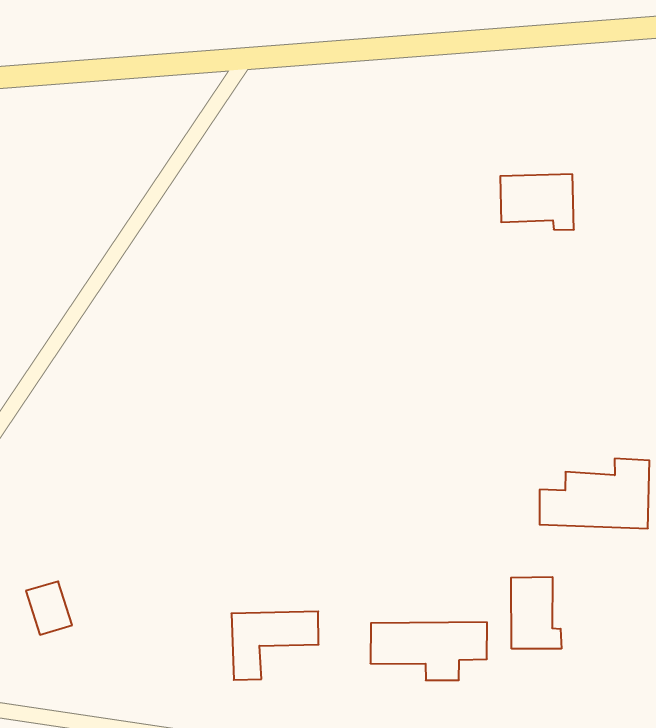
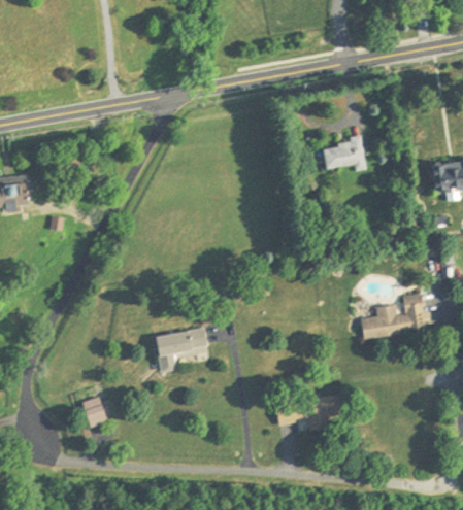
building: [511,577,561,649] -> none
building: [231,611,319,680] -> [156,329,206,372]

